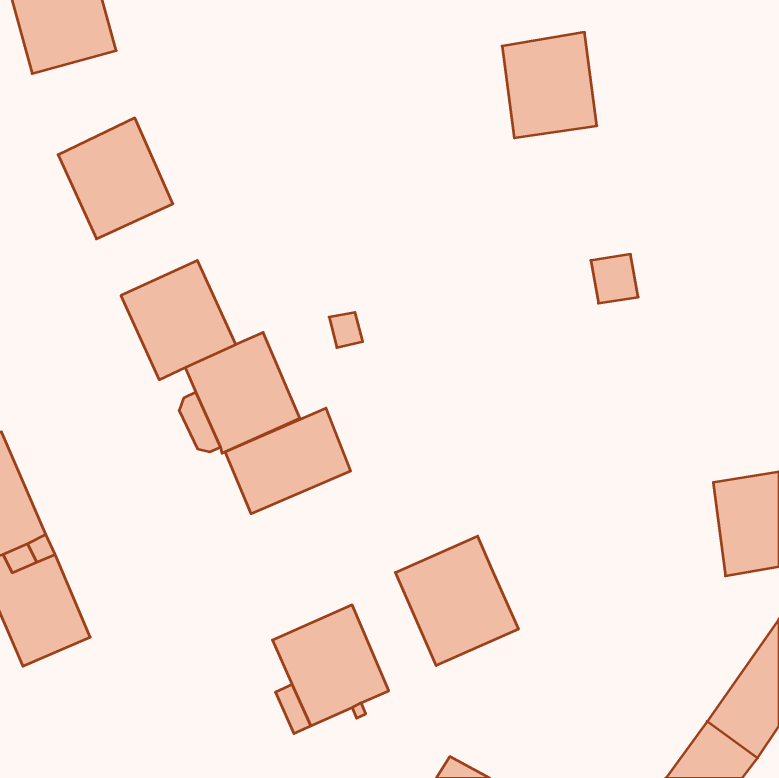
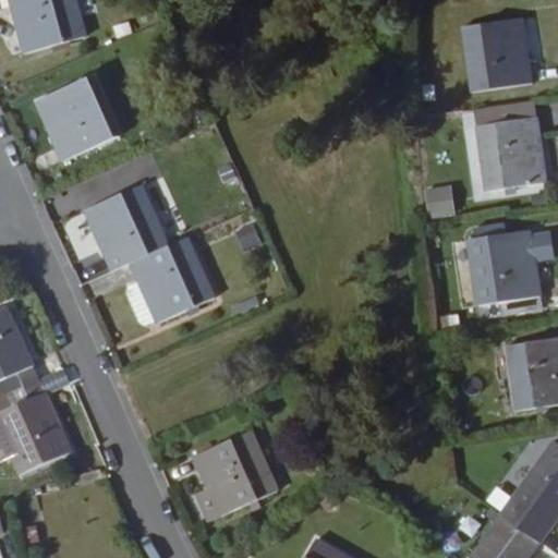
building: [502,32,597,138] -> [464,12,532,87]
building: none -> [478,117,546,191]
building: none -> [471,228,539,303]
building: [225,408,351,514] -> none
building: [395,536,518,666] -> none

